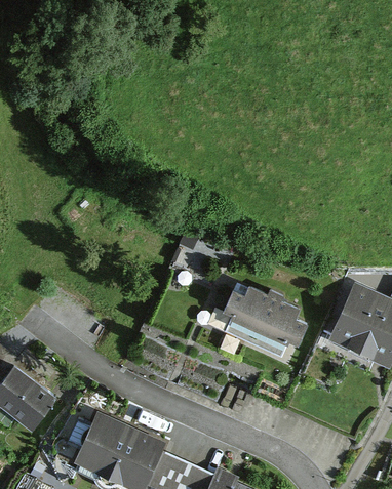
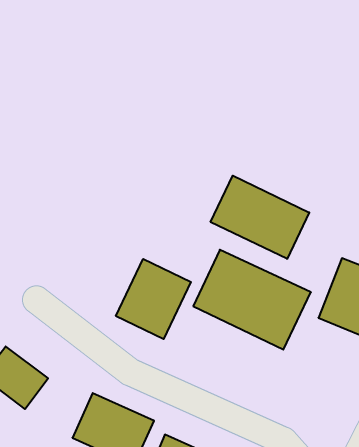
building: none -> [211,176,309,259]
building: none -> [116,259,191,339]

